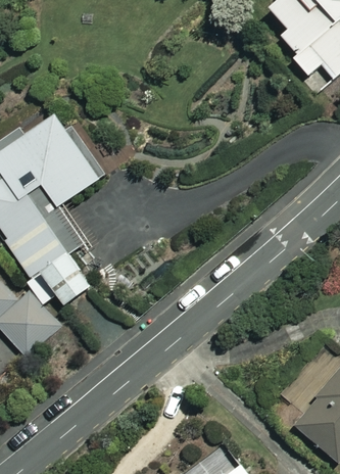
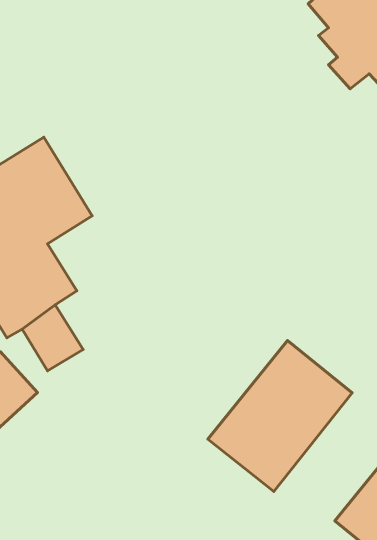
building: none -> [208,340,352,492]

